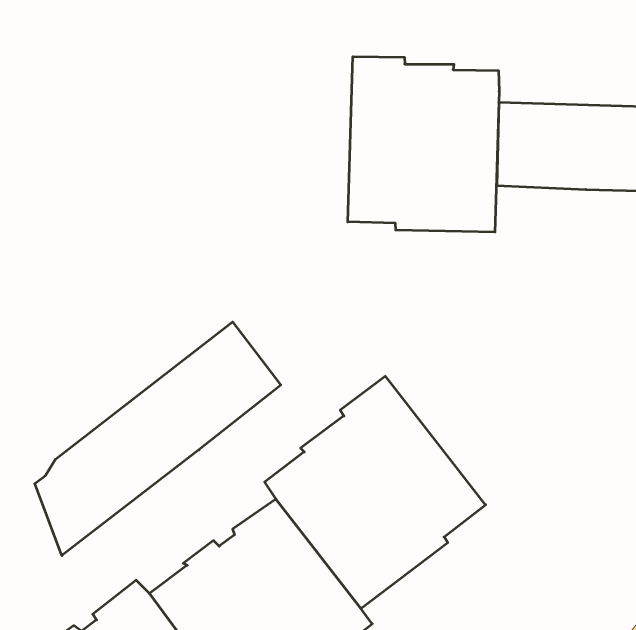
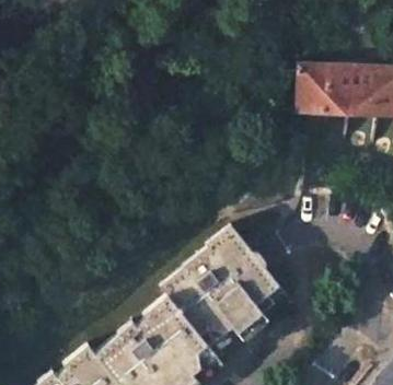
building: [348,57,499,232] -> none
building: [35,322,281,556] -> none

